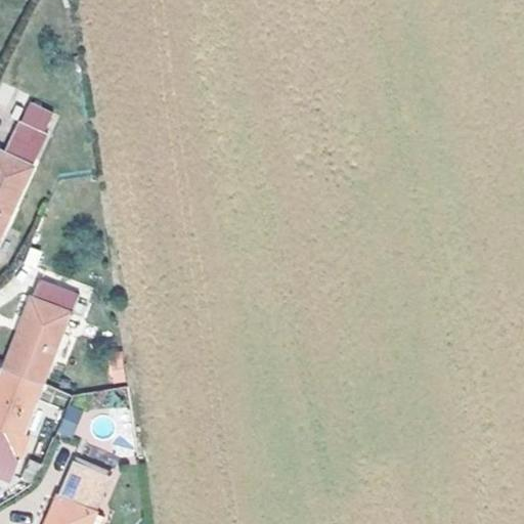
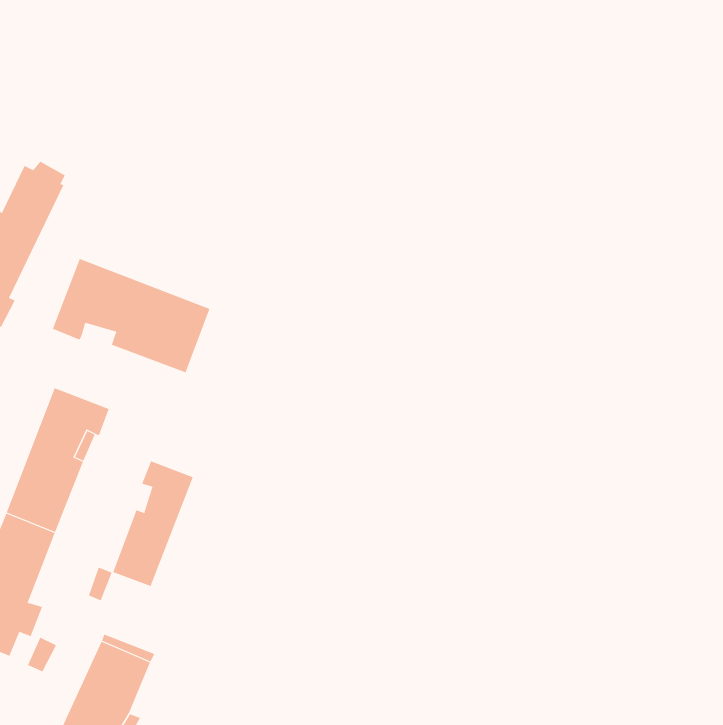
building: none -> [52,258,210,373]
building: none -> [112,460,193,587]

